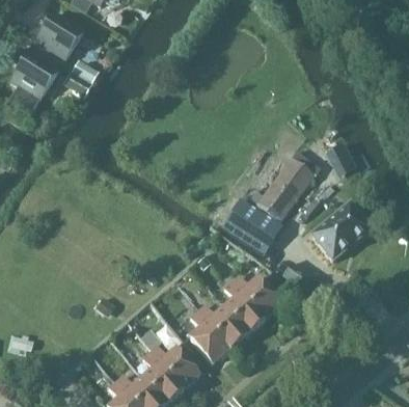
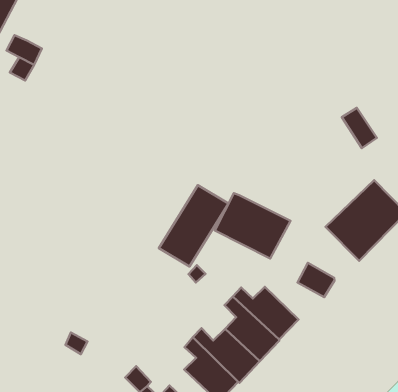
building: [255,157,313,220] -> [159,185,229,266]

